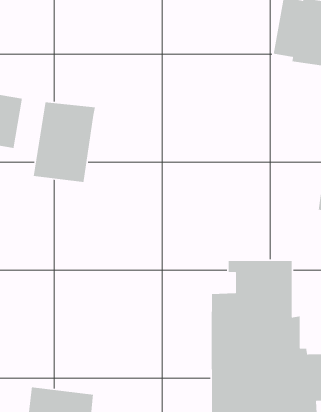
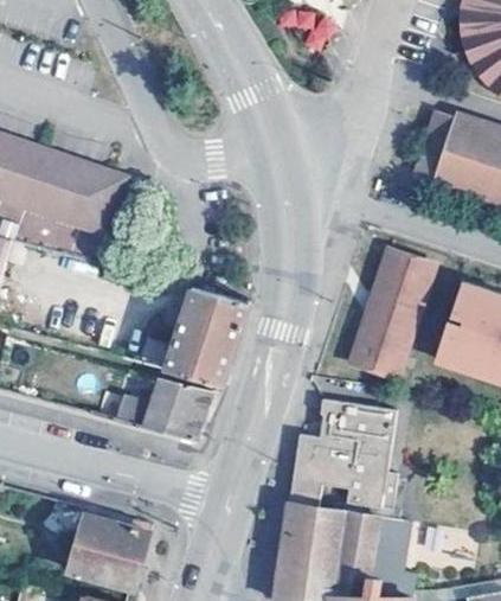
building: [33,101,96,183] -> [165,287,249,386]
building: none -> [352,249,433,377]
building: none -> [117,377,210,440]

